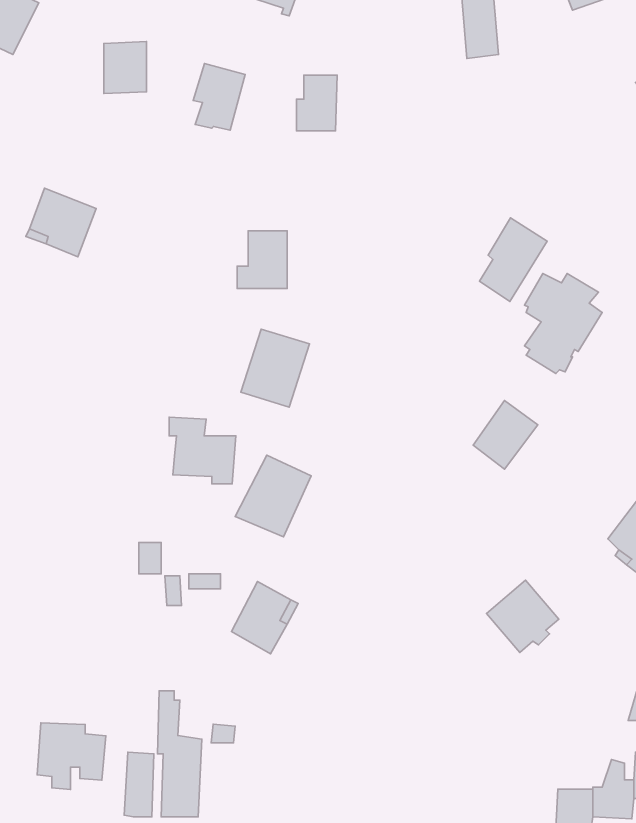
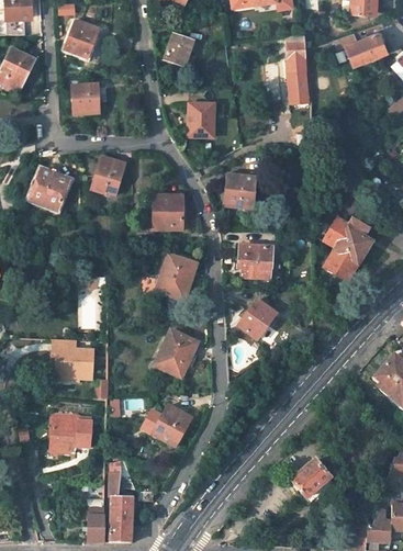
building: [193,63,245,130] -> [96,155,126,194]
building: none -> [226,175,257,207]
building: [480,218,547,302] -> none
building: none -> [236,244,271,277]
building: [473,401,538,469] -> [238,299,277,339]
building: [169,417,236,484] -> [49,339,89,379]
building: [487,580,559,652] -> [289,460,332,503]
building: [37,723,106,790] -> [51,414,91,453]

